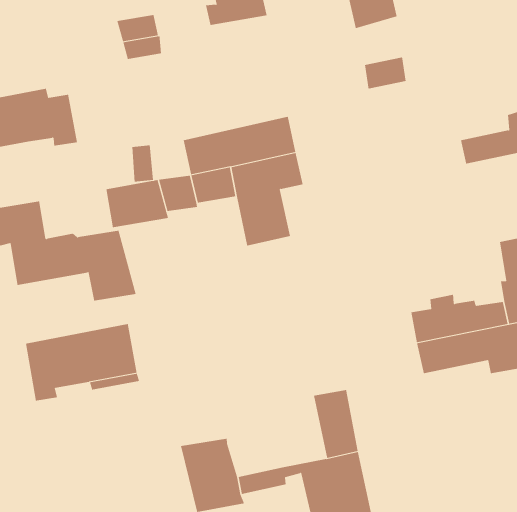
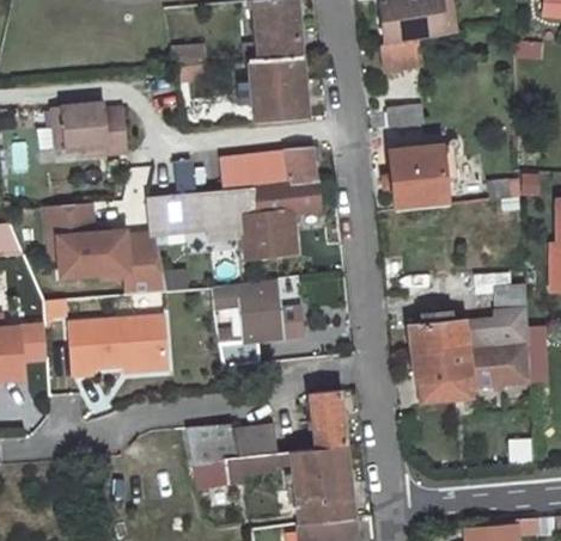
building: none -> [243,57,312,123]
building: none -> [379,145,445,213]
building: none -> [211,279,281,364]
building: none -> [233,423,279,457]

